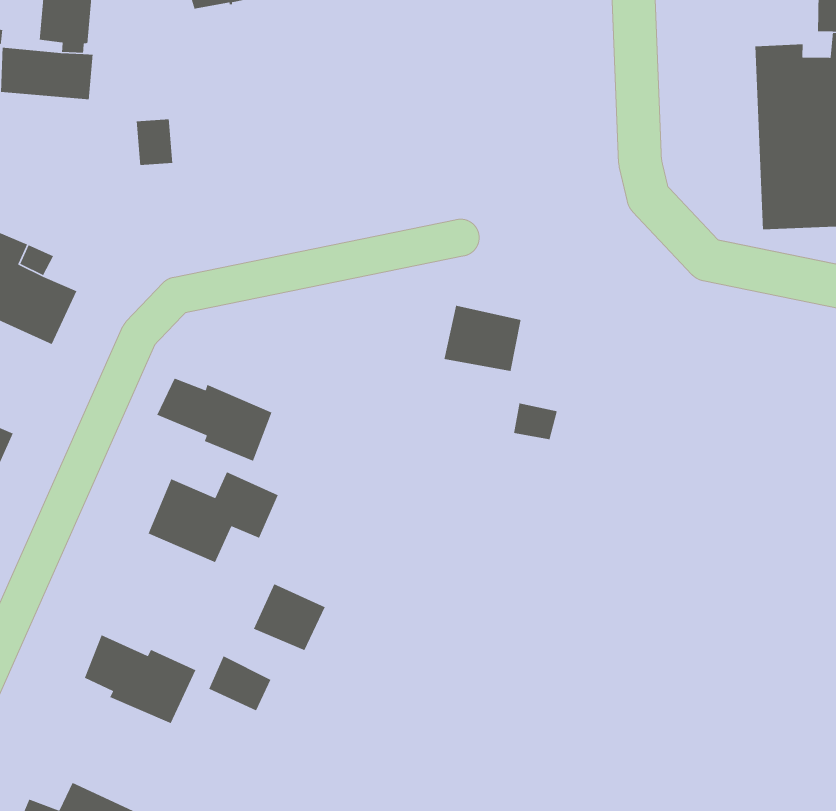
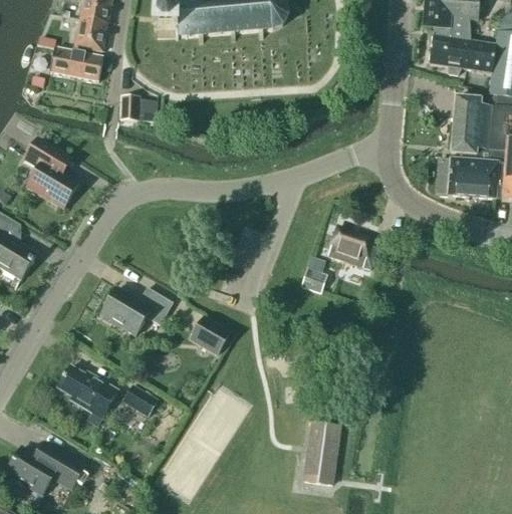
building: [443,305,522,372] -> [327,227,371,266]
building: [156,377,273,462] -> none
building: [253,583,326,651] -> [190,316,230,354]
building: none -> [303,422,339,484]

